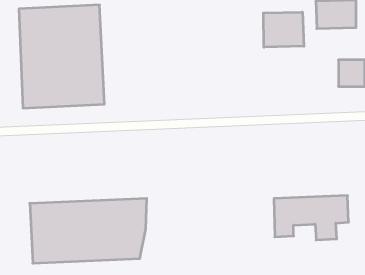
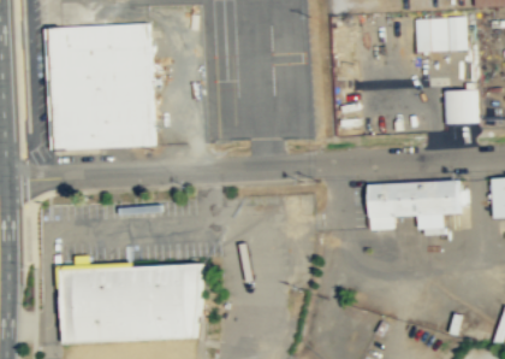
building: [263,12,304,47] -> none
building: [274,196,349,240] -> [367,181,458,235]

